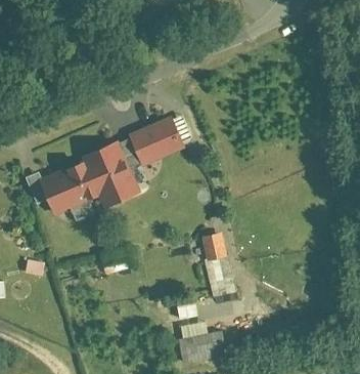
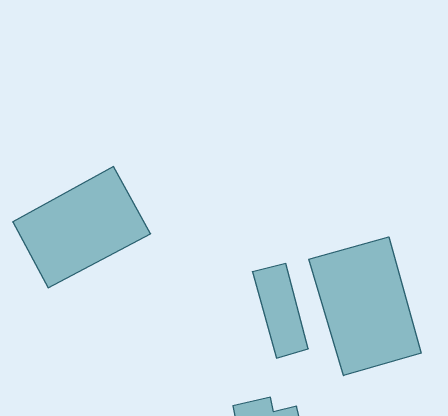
building: [133,115,182,160] -> none
building: none -> [309,237,421,376]

